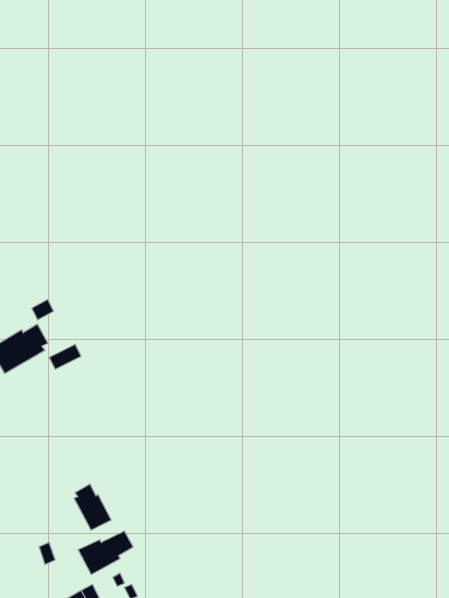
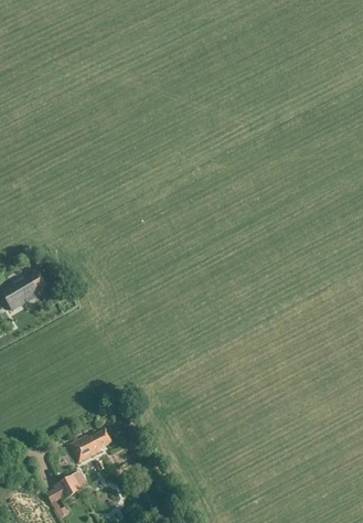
building: [74,484,111,530] -> none

